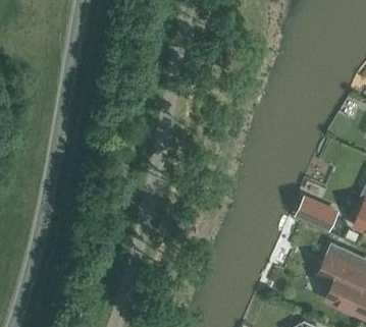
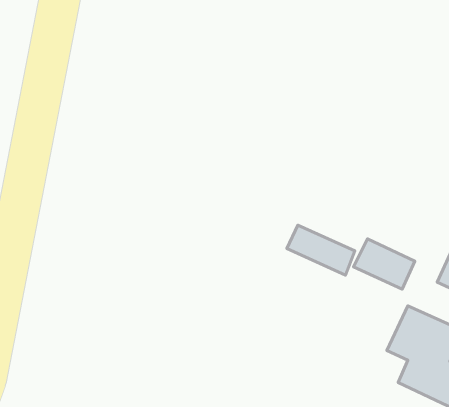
building: none -> [287,225,355,275]

